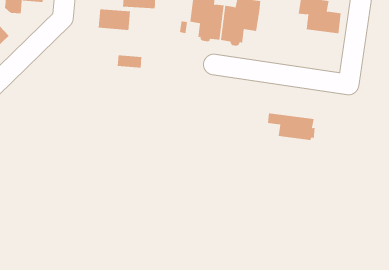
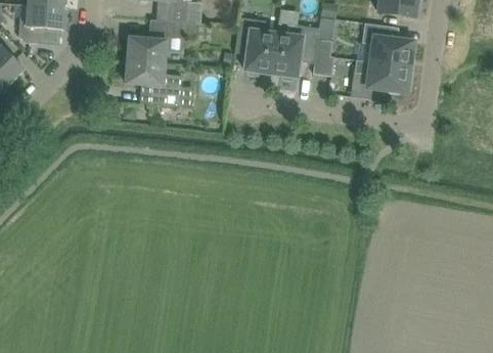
building: none -> [312,39,333,76]
building: none -> [125,59,181,87]
building: [267,113,315,141] -> [354,59,410,92]

